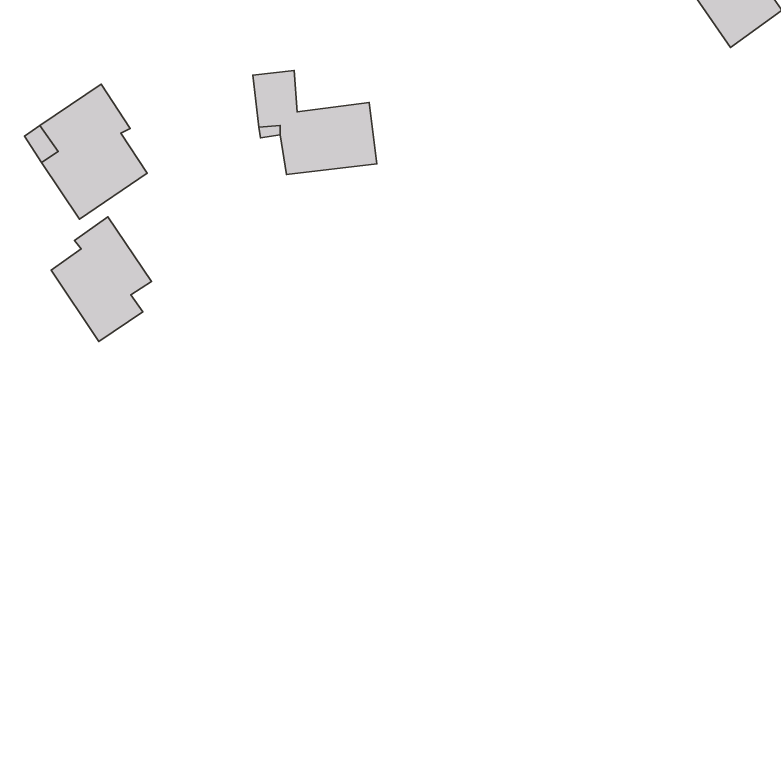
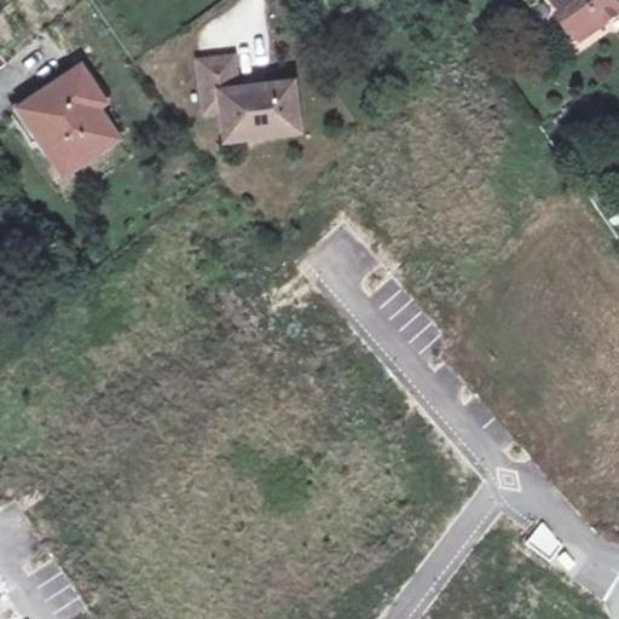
building: [51,217,151,341] -> none

